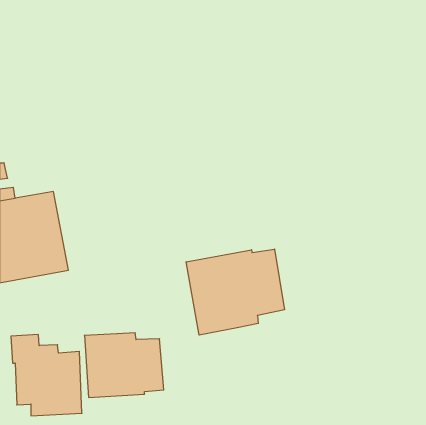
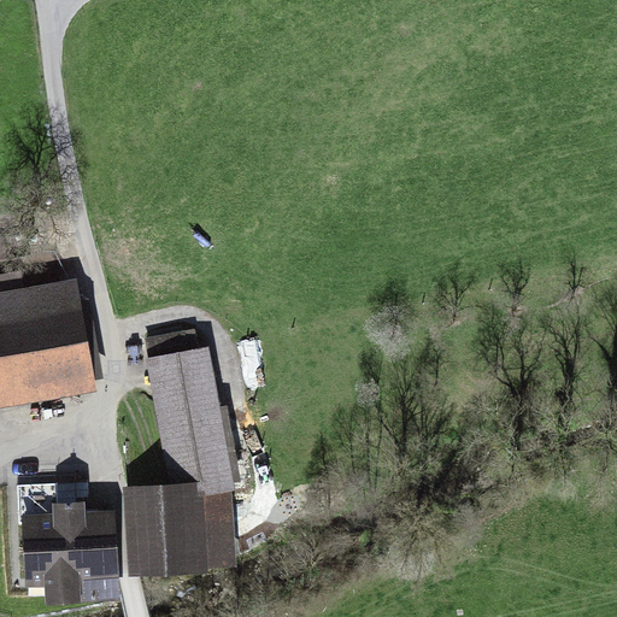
building: none -> [142,331,235,493]
building: [186,249,284,335] -> none

